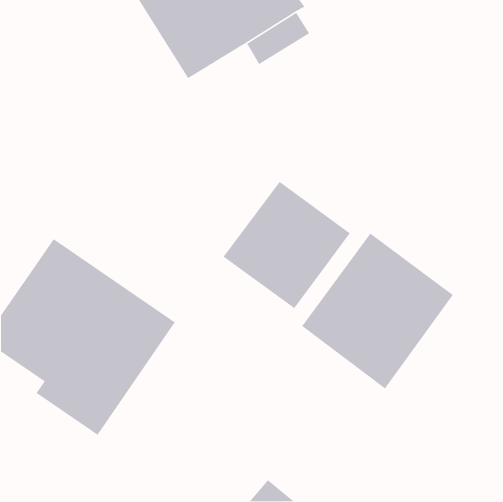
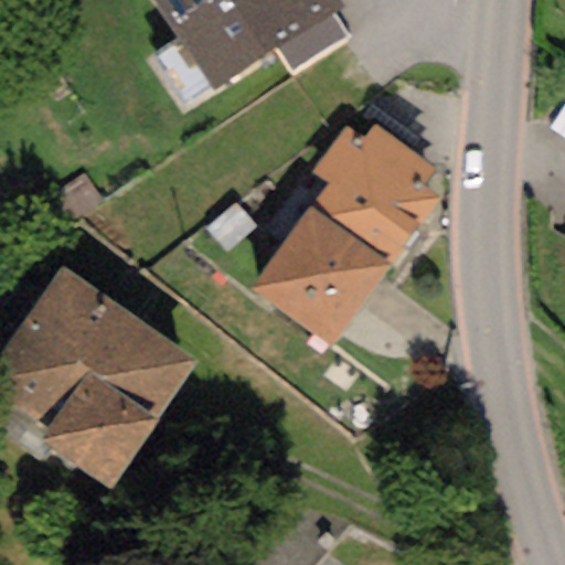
building: none -> [312,122,439,260]
building: [301,233,454,390] -> none

